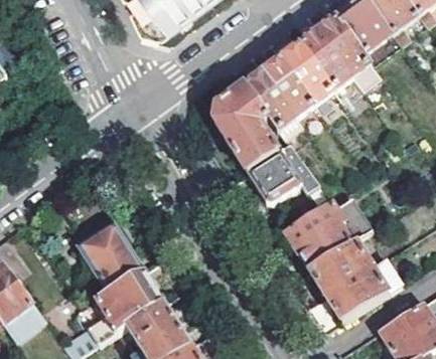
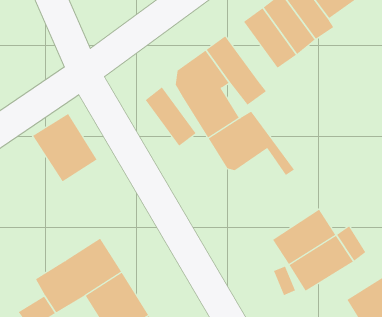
building: [263,58,313,117] -> [145,87,196,147]
building: [284,202,367,271] -> none
building: [78,223,141,291] -> [32,113,97,182]

